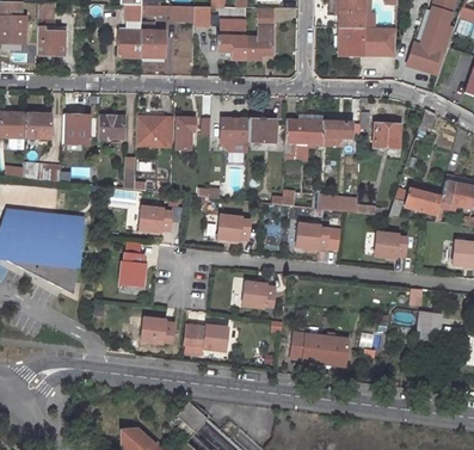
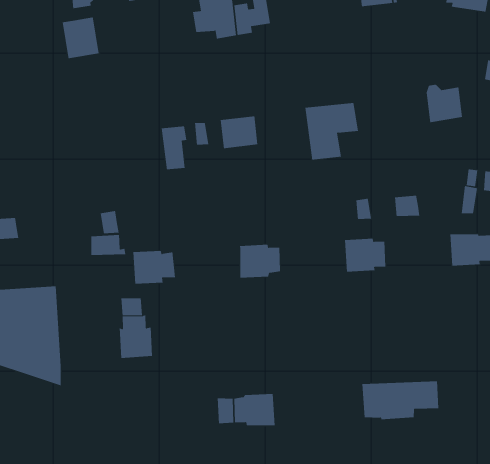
building: [142,27,168,56] -> none
building: [62,115,90,144] -> none
building: [99,116,124,137] -> none
building: [247,116,276,143] -> none
building: [136,117,174,148] -> none
building: [322,123,351,147] -> none
building: [242,281,276,307] -> none
building: [142,315,174,341] -> none

